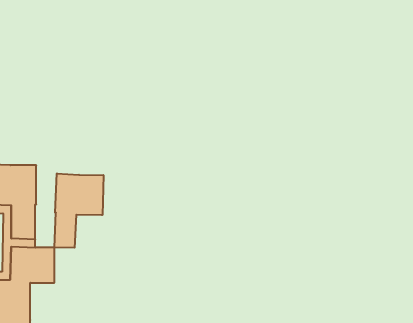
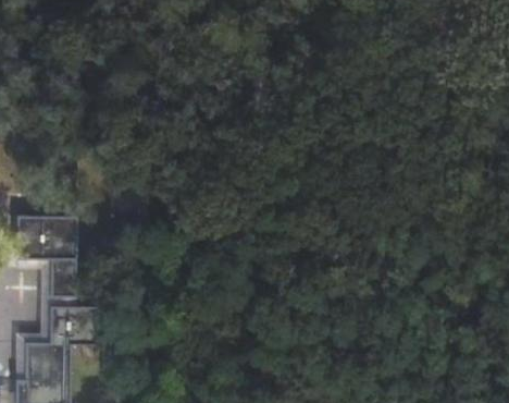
building: [54,173,103,248] -> none

